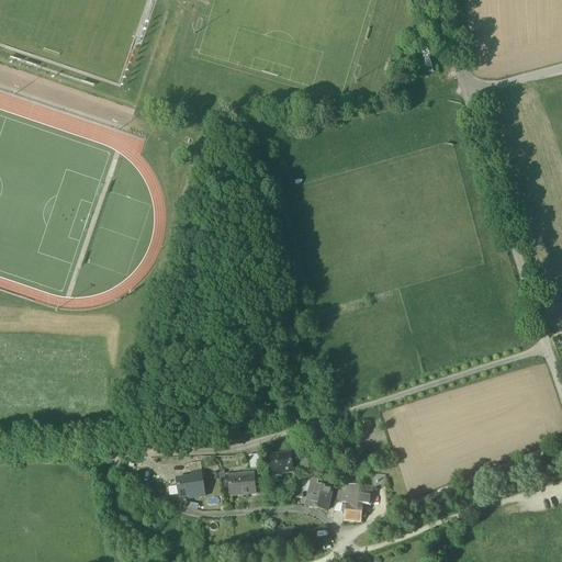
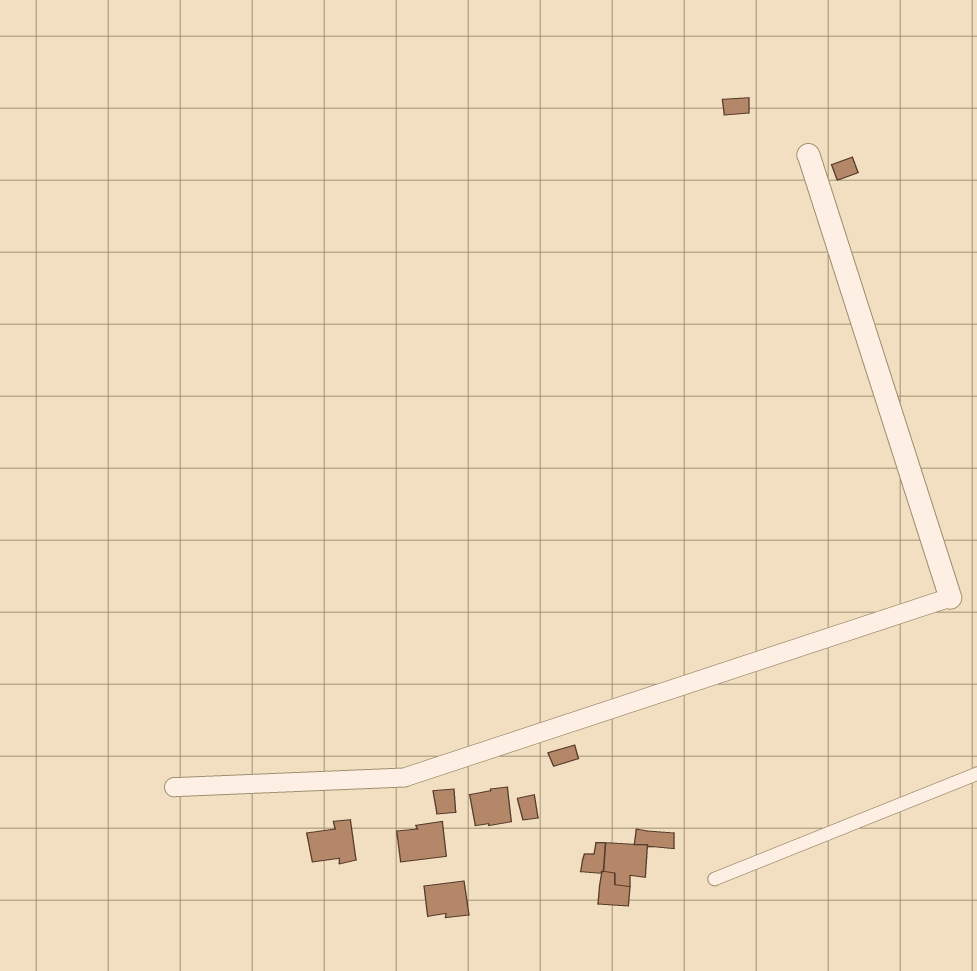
building: [305,477,331,508] -> none
building: none -> [424,881,469,918]

